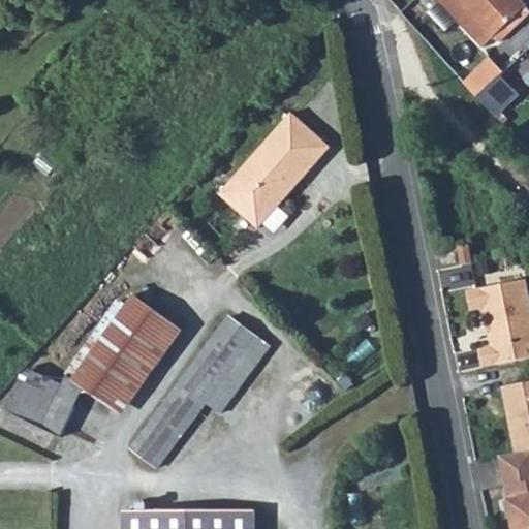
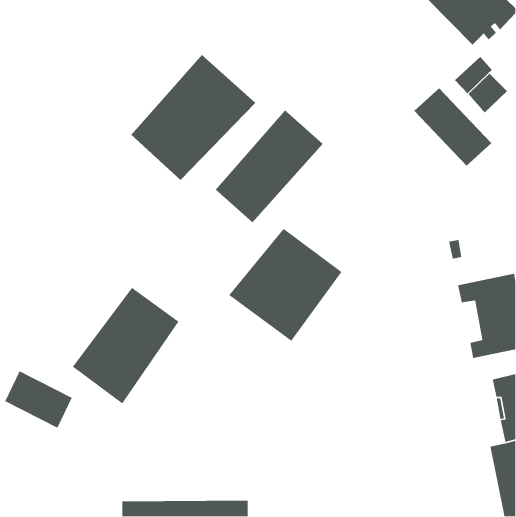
building: none -> [130,54,256,181]
building: none -> [413,88,492,166]
building: none -> [228,228,342,342]
building: [131,310,271,468] -> none

